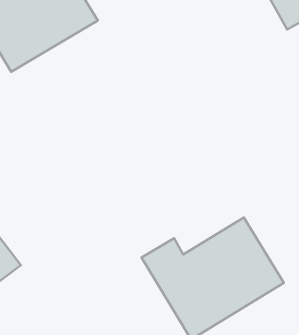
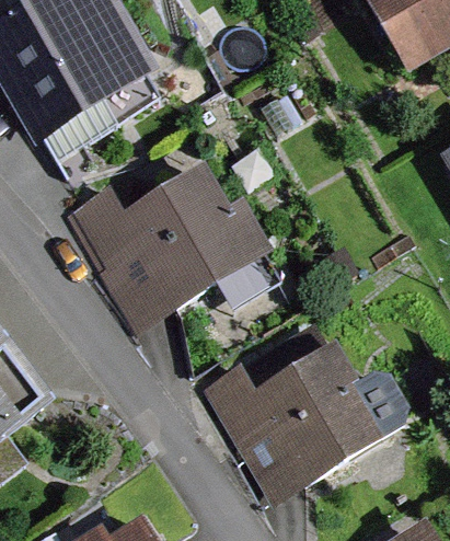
building: none -> [77,172,257,325]

